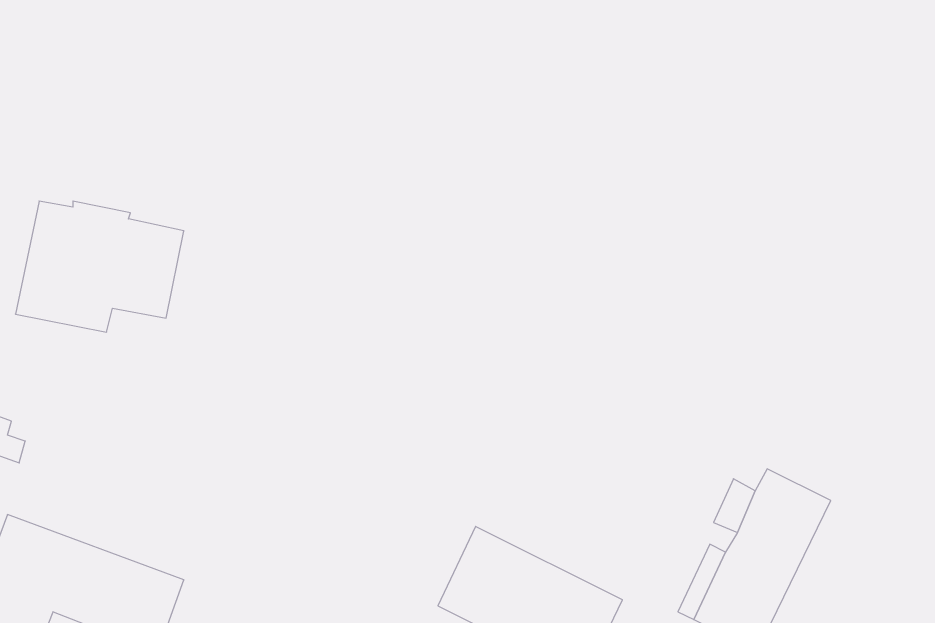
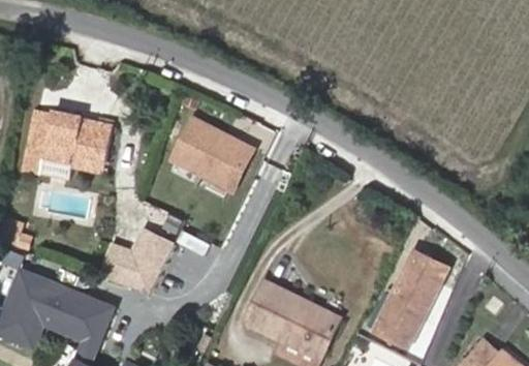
building: none -> [175,119,263,190]
building: none -> [99,224,178,301]

